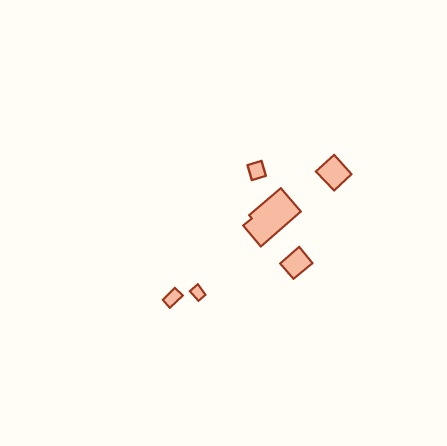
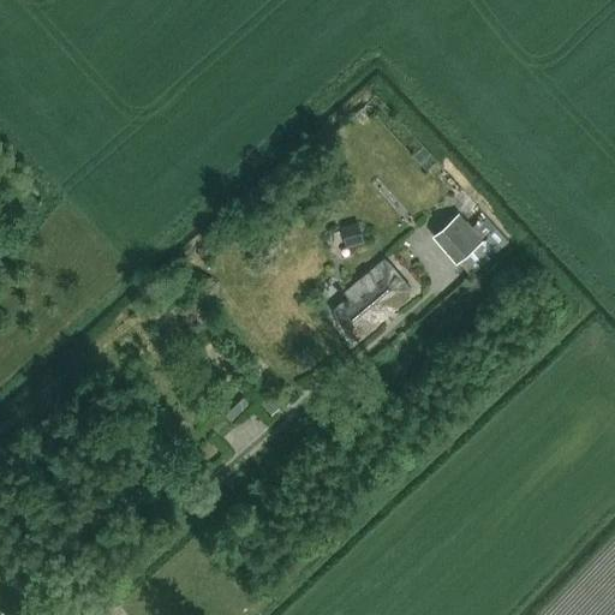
building: [280,247,312,279] -> none

